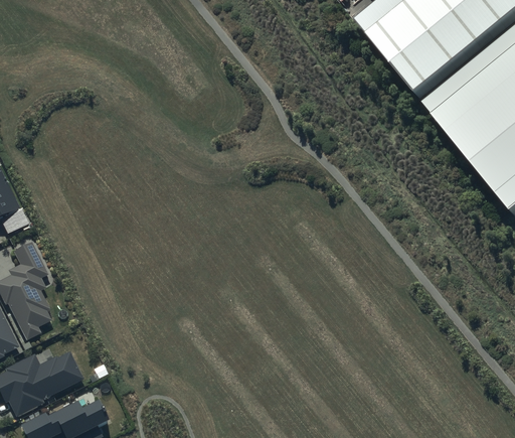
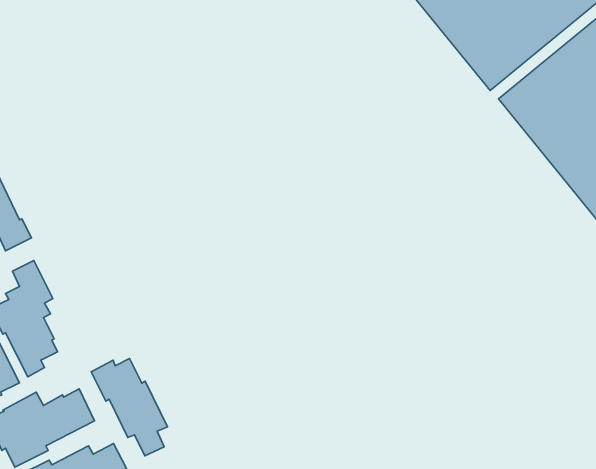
building: none -> [91,359,168,456]

